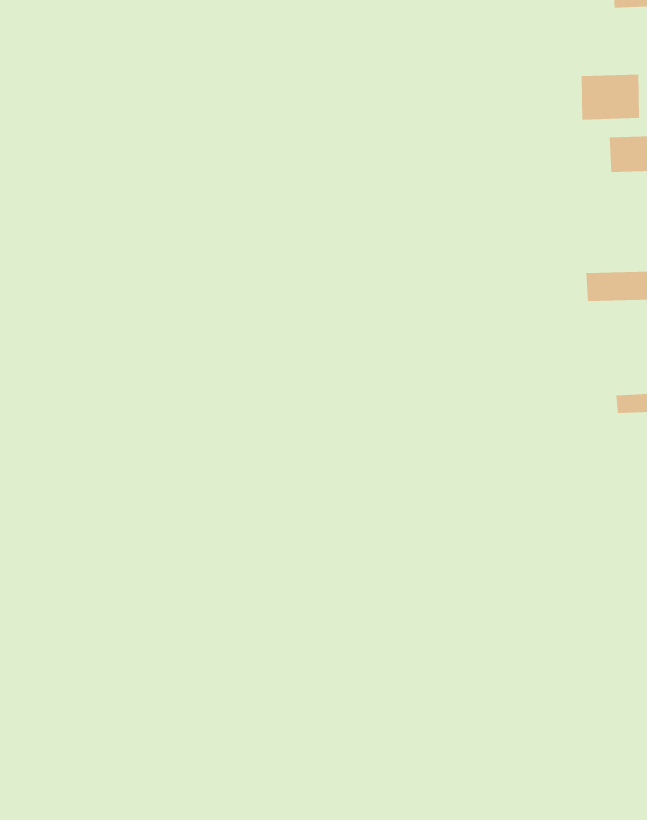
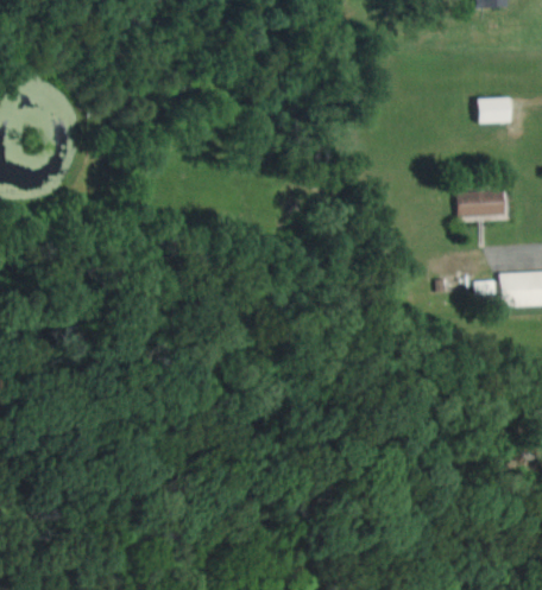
building: [581,74,640,120] -> none

